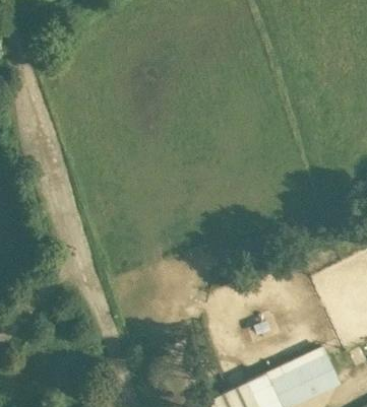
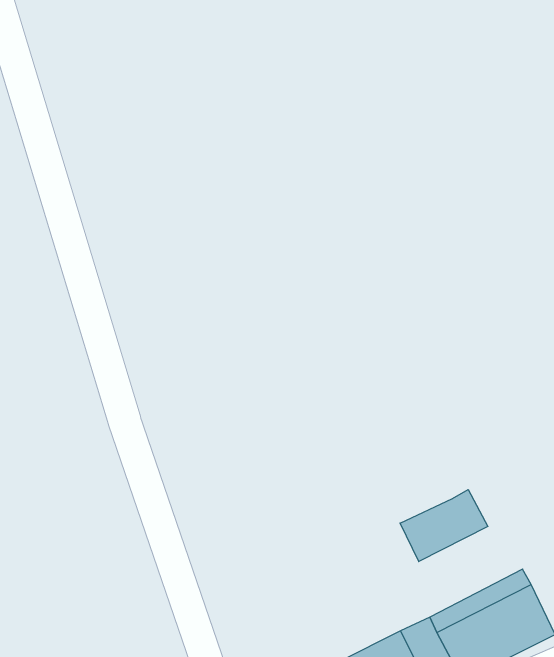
building: none -> [400,490,488,562]

